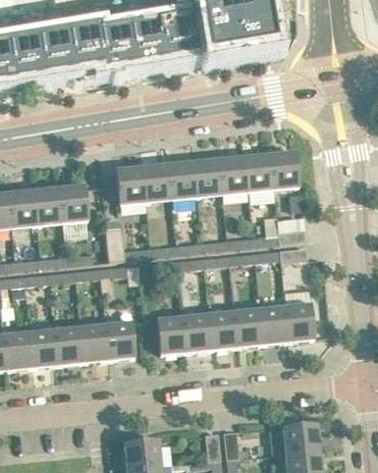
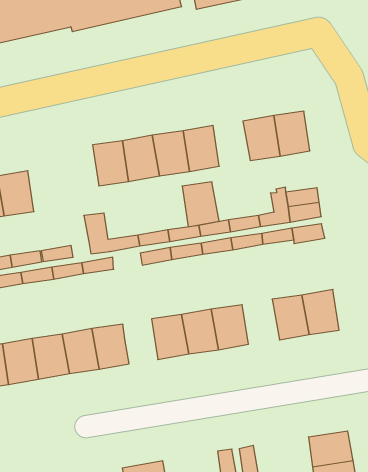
building: [218,157,248,194] -> [182,182,219,227]
building: [59,186,89,239] -> none
building: [233,309,263,346] -> none

